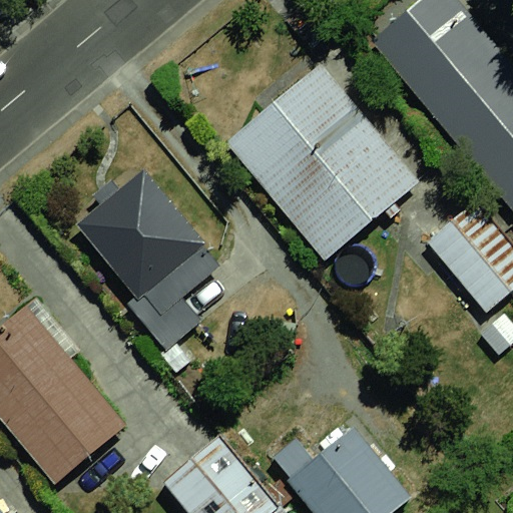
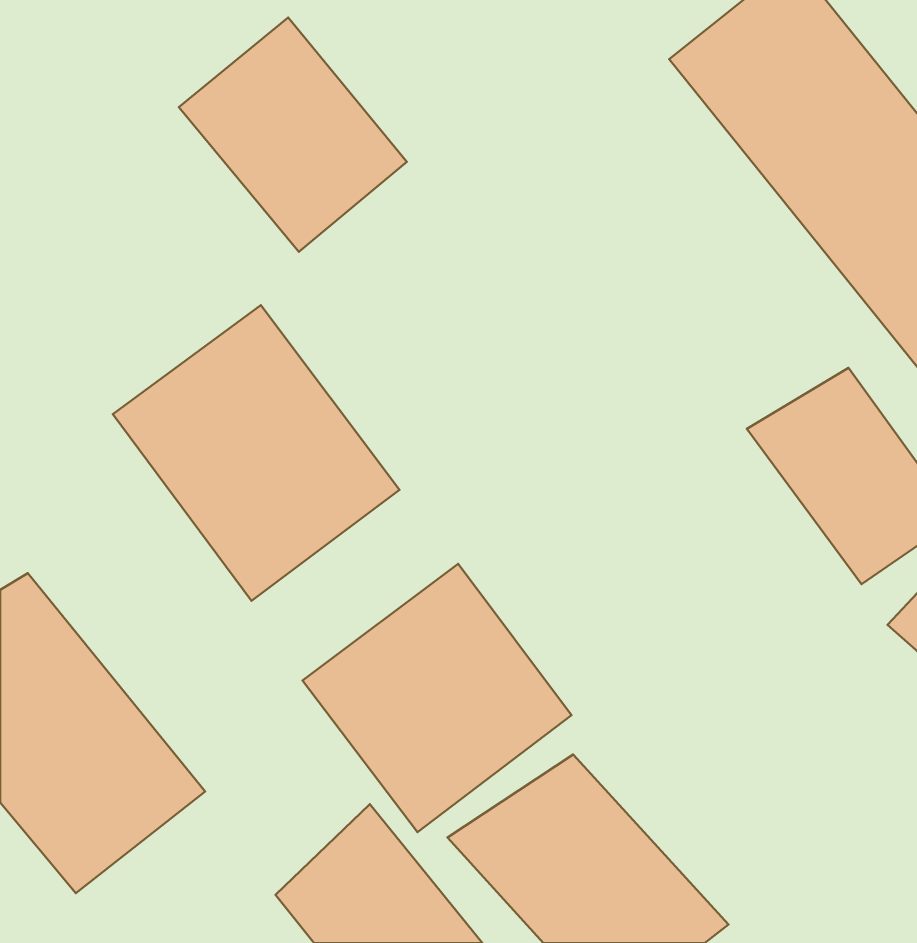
building: none -> [179,17,407,252]
building: [225,69,412,260] -> none
building: none -> [302,564,572,832]

